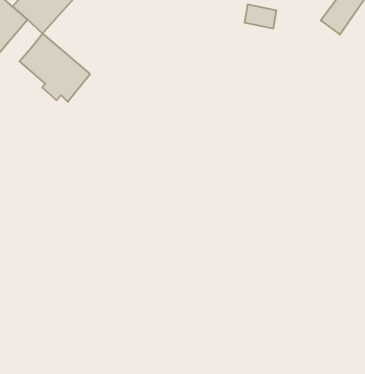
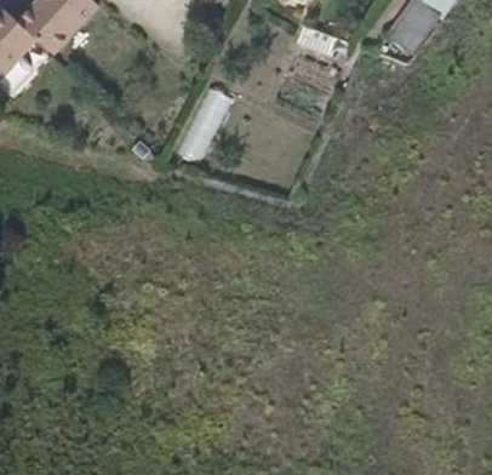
building: [19,34,90,102] -> none

